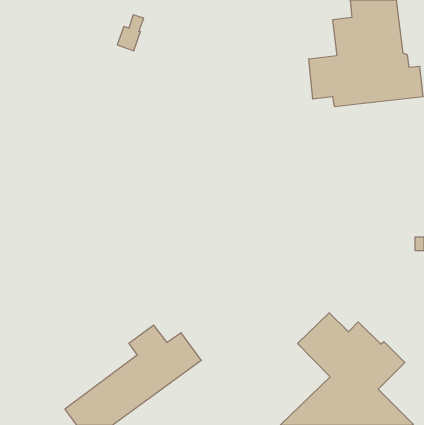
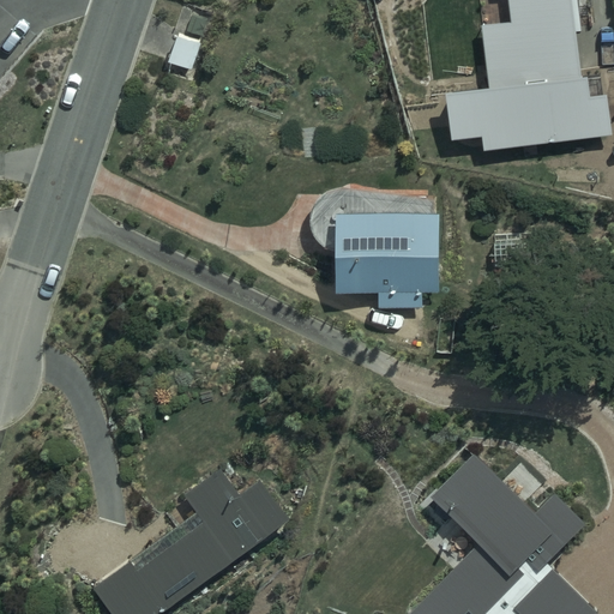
building: none -> [311,182,441,303]

